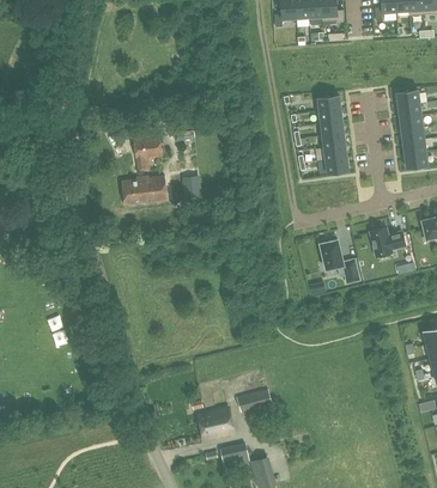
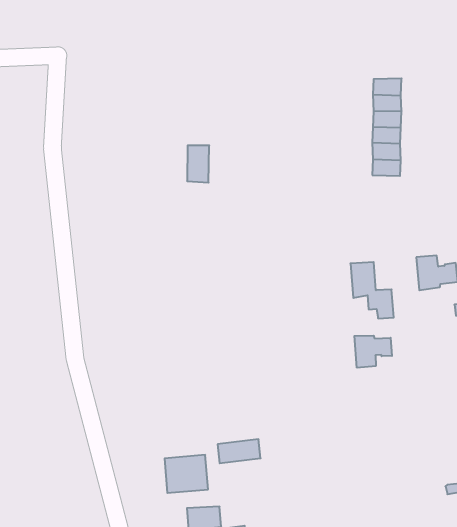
building: [134,134,162,171] -> none
building: [121,176,166,205] -> none
building: none -> [354,336,392,368]

